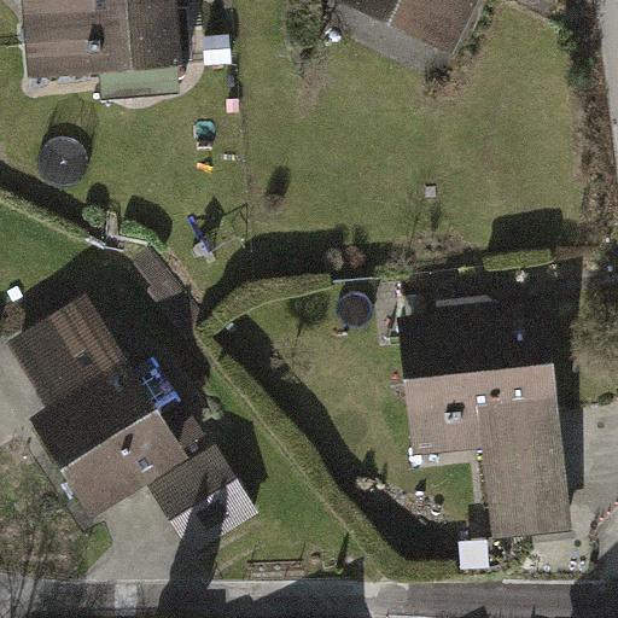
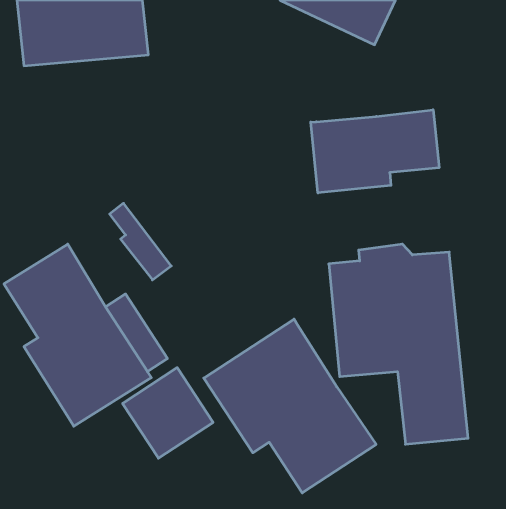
building: none -> [311,110,439,193]
building: none -> [204,319,376,493]

